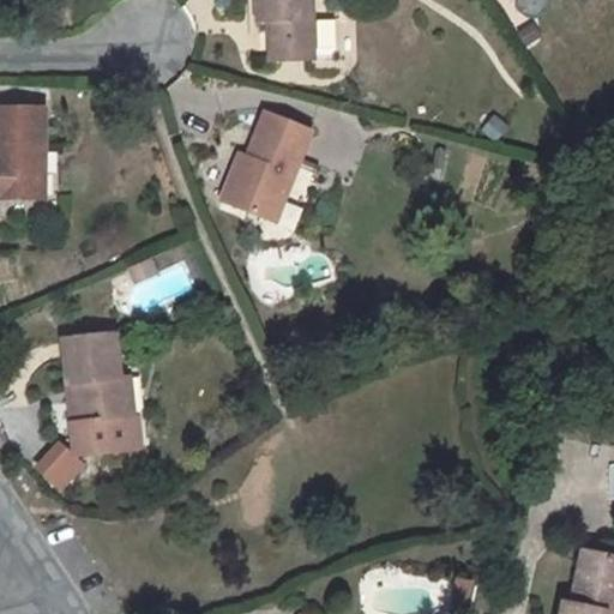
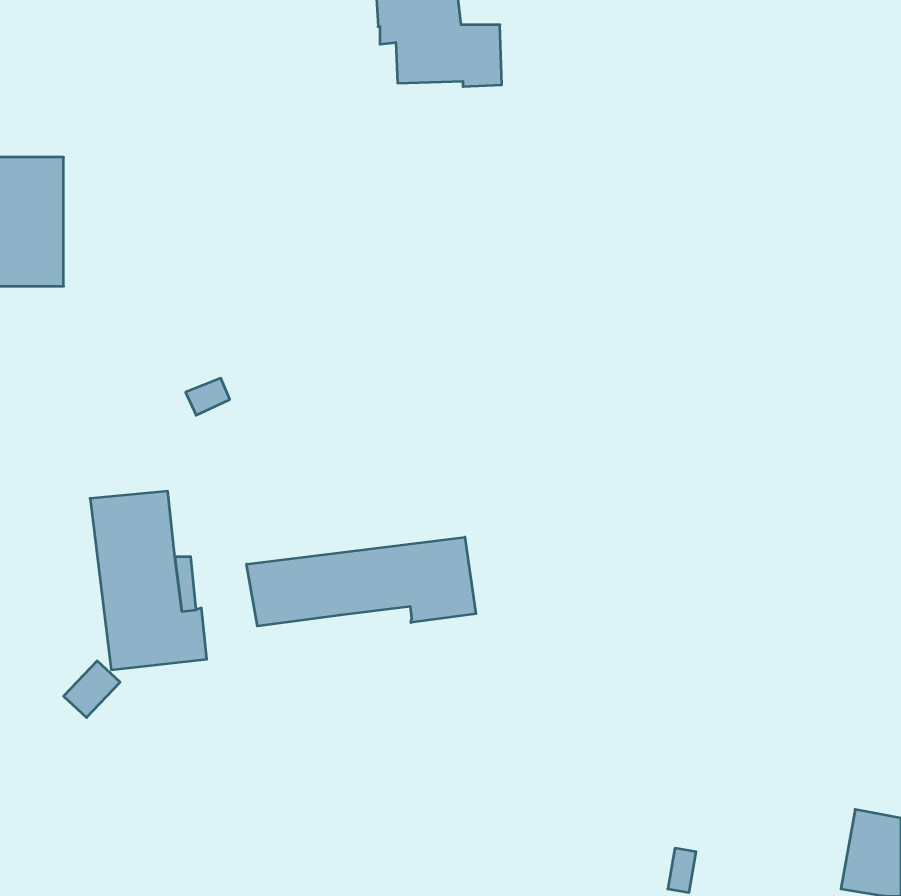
building: [221,112,311,218] -> none
building: none -> [247,537,476,626]

